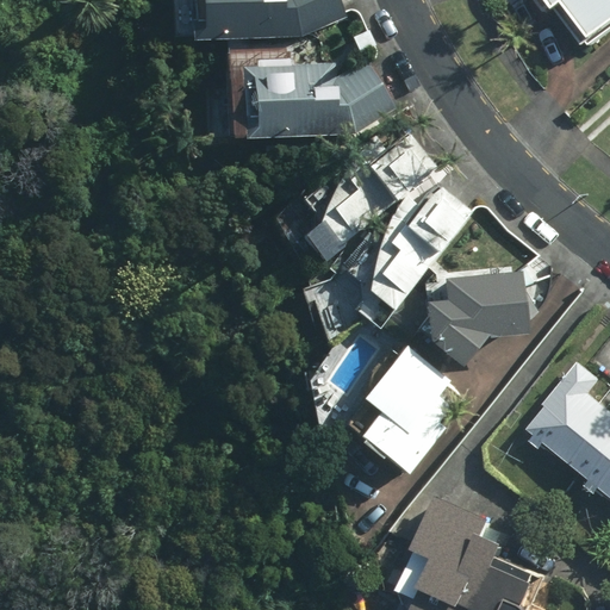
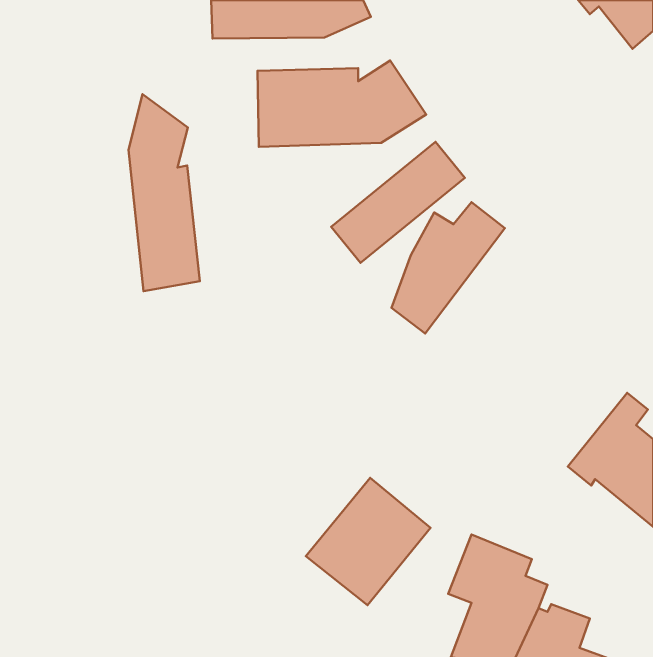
building: none -> [128,94,200,291]
building: [422,273,523,362] -> none
building: [343,346,459,463] -> [306,478,431,605]

